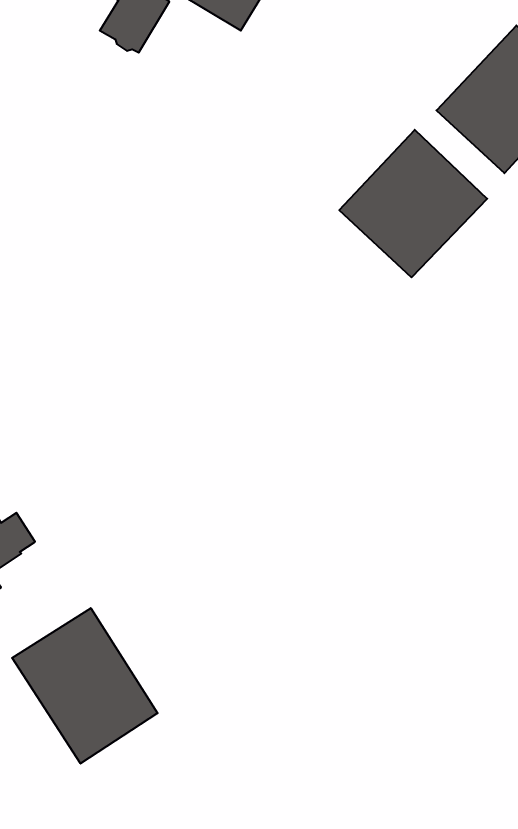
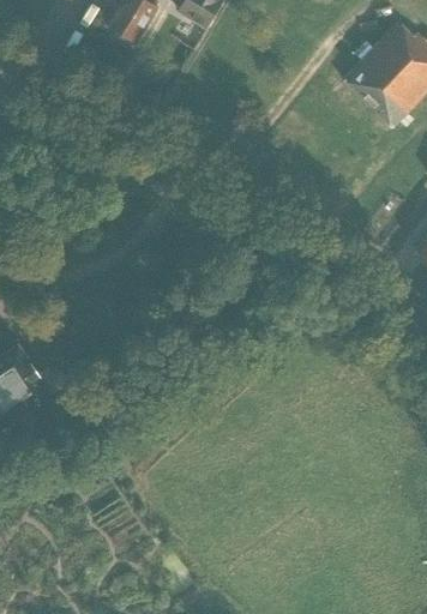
building: [339,130,487,277] -> none
building: [12,608,158,764] -> none

